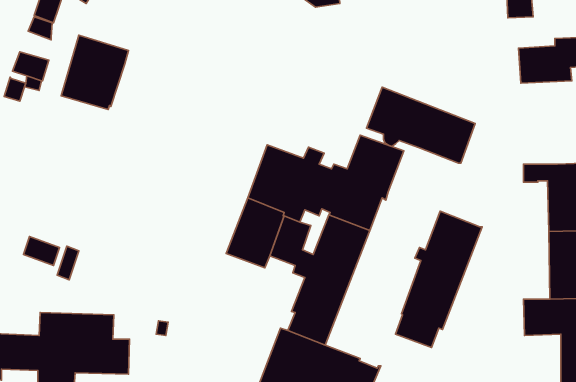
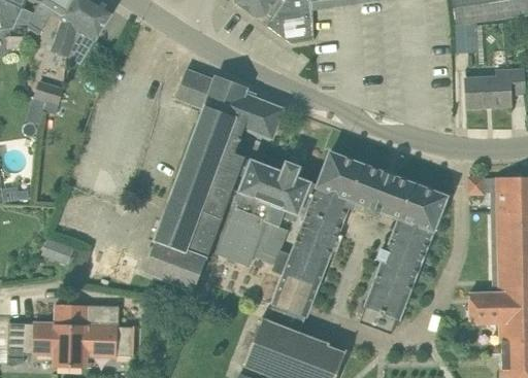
building: [61,35,128,109] -> none
building: none -> [144,68,284,289]
building: [367,87,475,163] -> [354,166,447,231]

